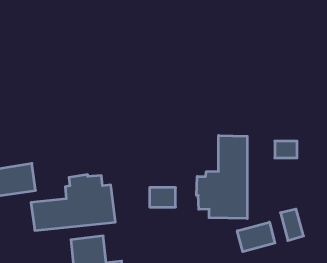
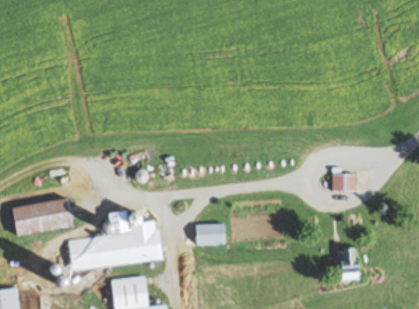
building: [196,135,247,219] -> none
building: [237,222,275,252] -> none

